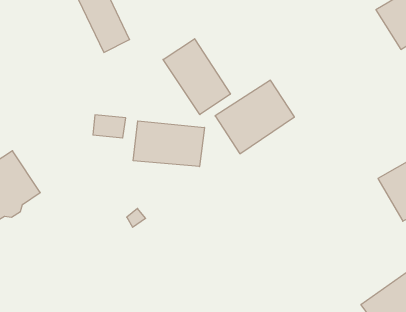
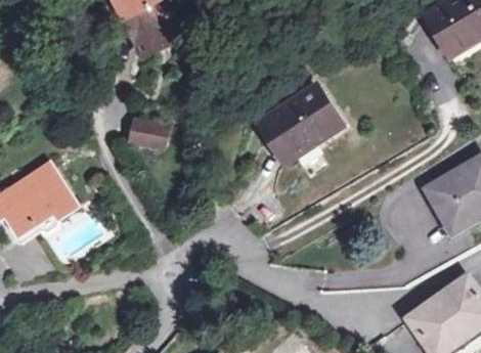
building: [163,39,230,115] -> none
building: [133,121,204,167] -> none

